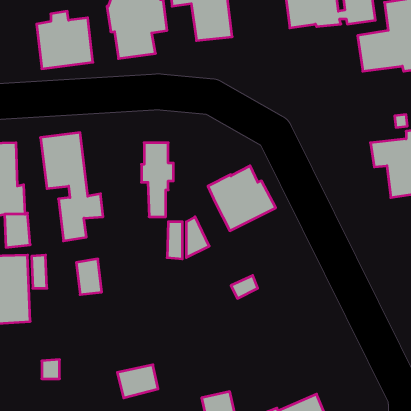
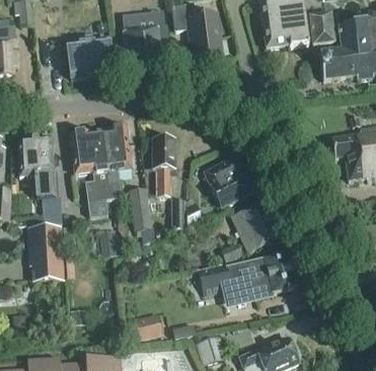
building: none -> [101,126,129,179]
building: none -> [129,188,149,230]
building: none -> [231,202,279,251]
building: none -> [198,251,295,296]

